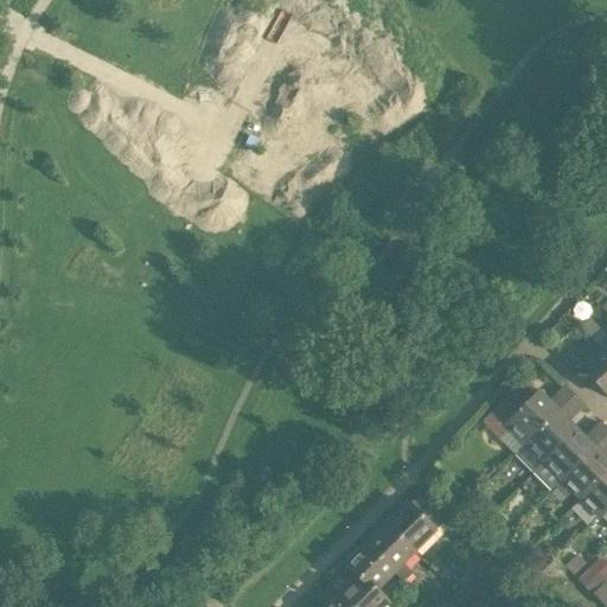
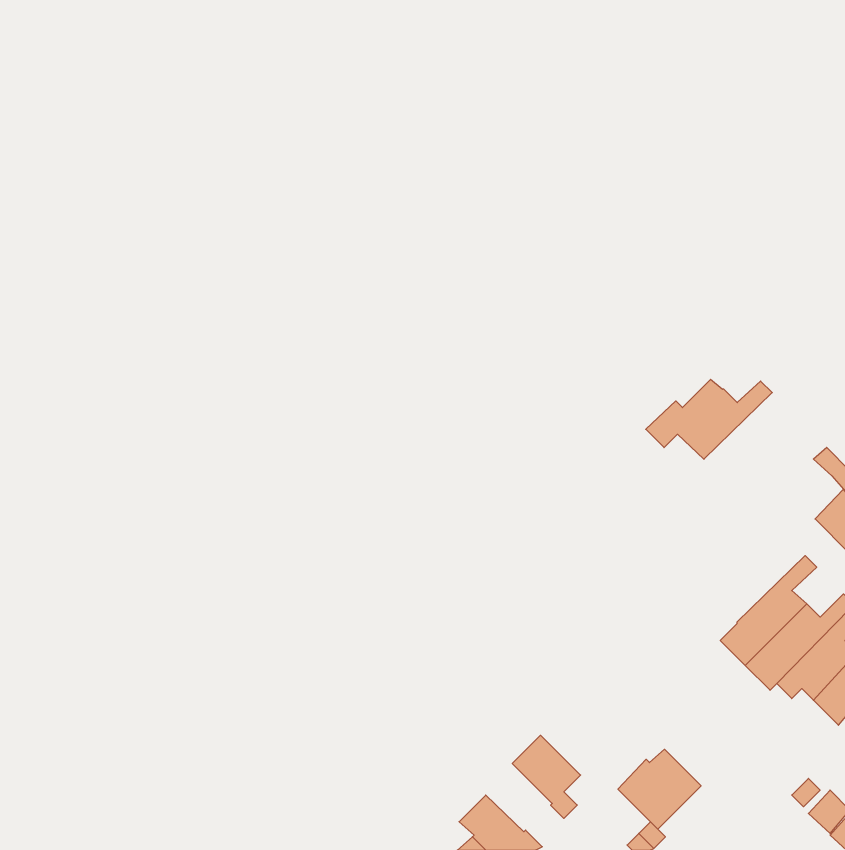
building: [487,386,577,443] -> [646,379,772,459]
building: [389,496,448,552] -> [618,749,701,829]
building: [349,544,397,593] -> none

